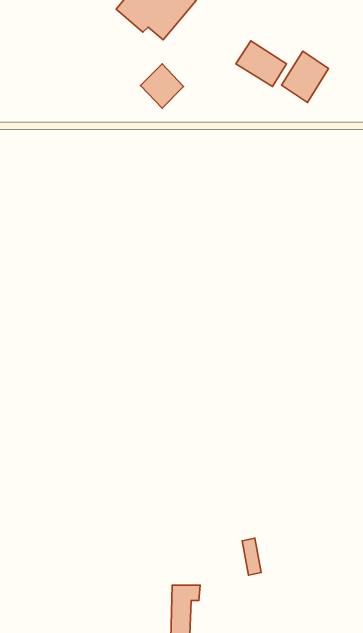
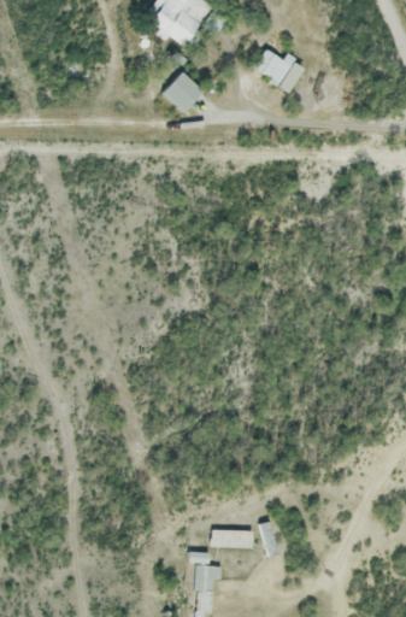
building: [282,51,329,102] -> none
building: none -> [212,530,253,547]

